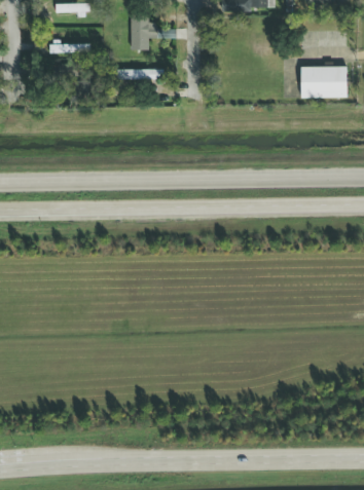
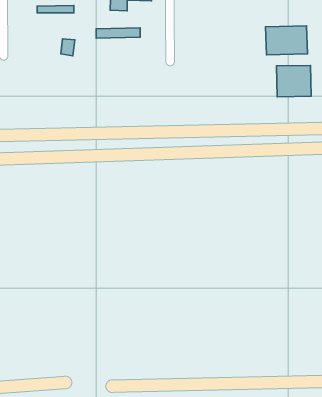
building: none -> [276,65,311,97]

